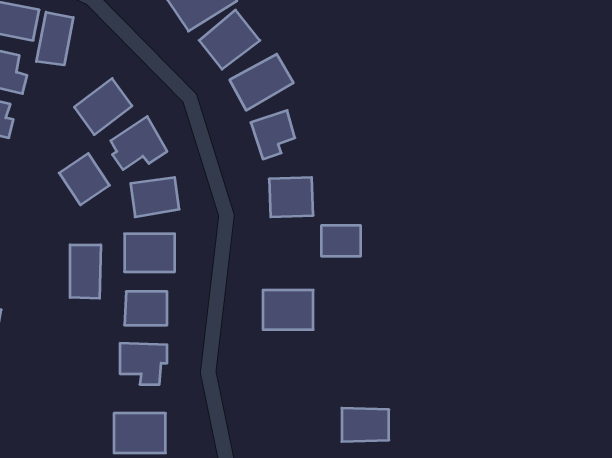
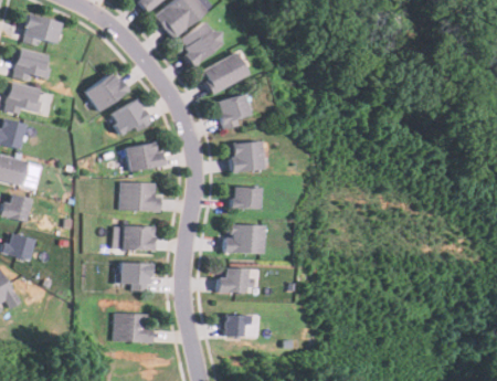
building: [36,12,73,65] -> none
building: [59,153,110,205] -> none
building: [321,226,361,256] -> [230,187,258,209]
building: [70,245,101,298] -> none
building: none -> [218,268,246,293]
building: [342,408,389,442] -> [225,314,260,338]

